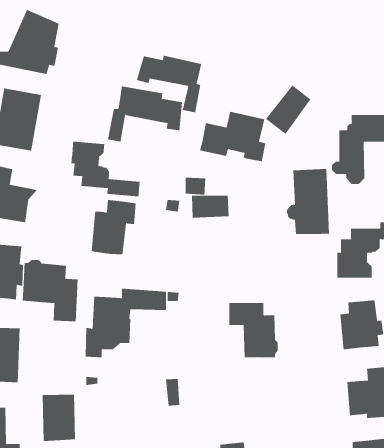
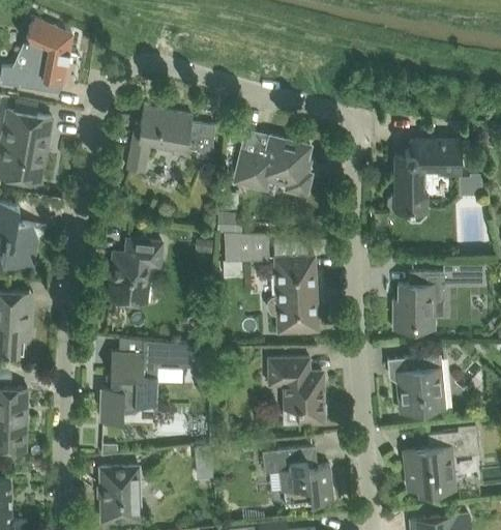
building: [136,55,202,113] -> none
building: [265,85,311,135] -> none
building: [71,141,140,197] -> none
building: [286,168,330,235] -> [267,256,318,332]
building: [22,259,78,322] -> none
building: none -> [262,446,333,507]
building: [42,394,76,441] -> [100,467,140,522]

